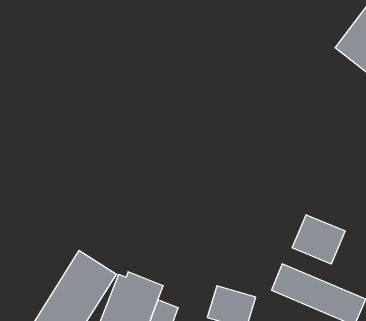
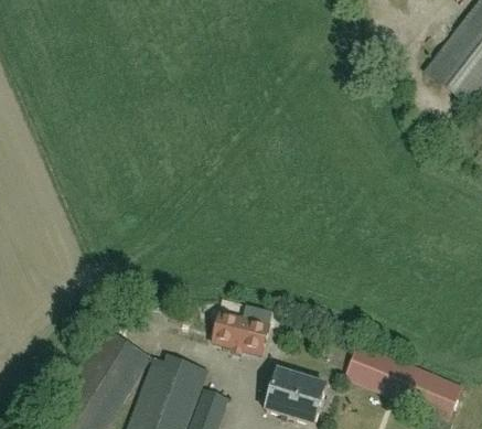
building: [292,215,345,264] -> none
building: none -> [213,312,269,354]

